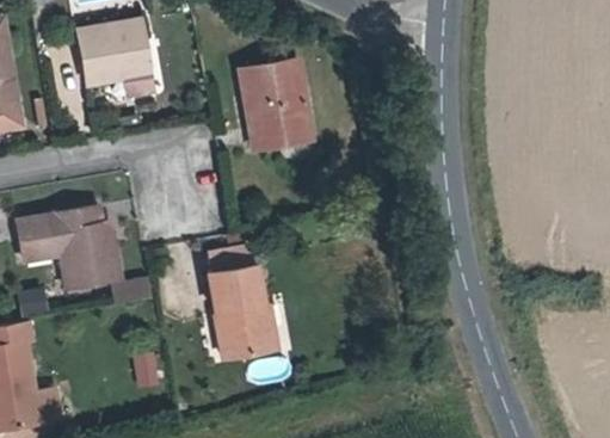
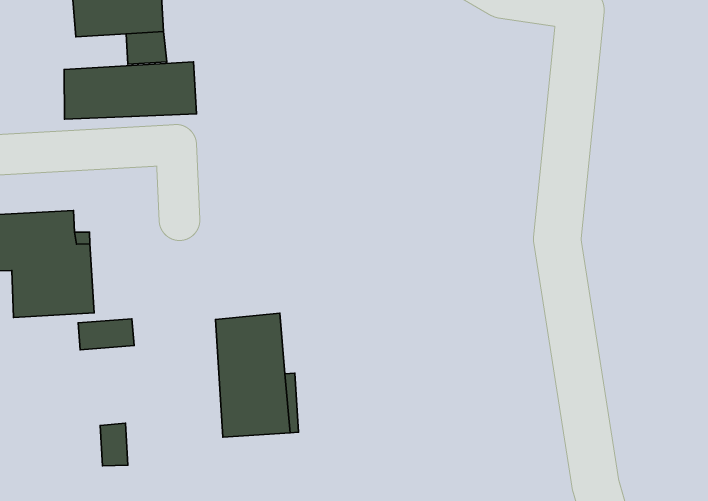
building: [239,61,309,148] -> none
building: none -> [64,62,196,119]

